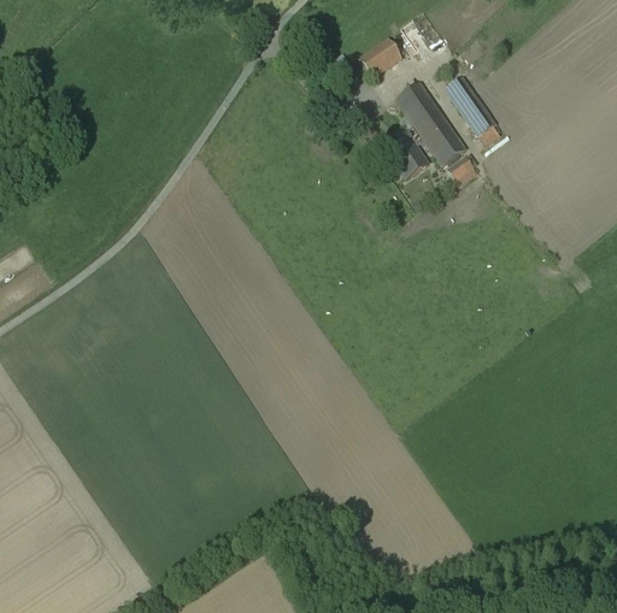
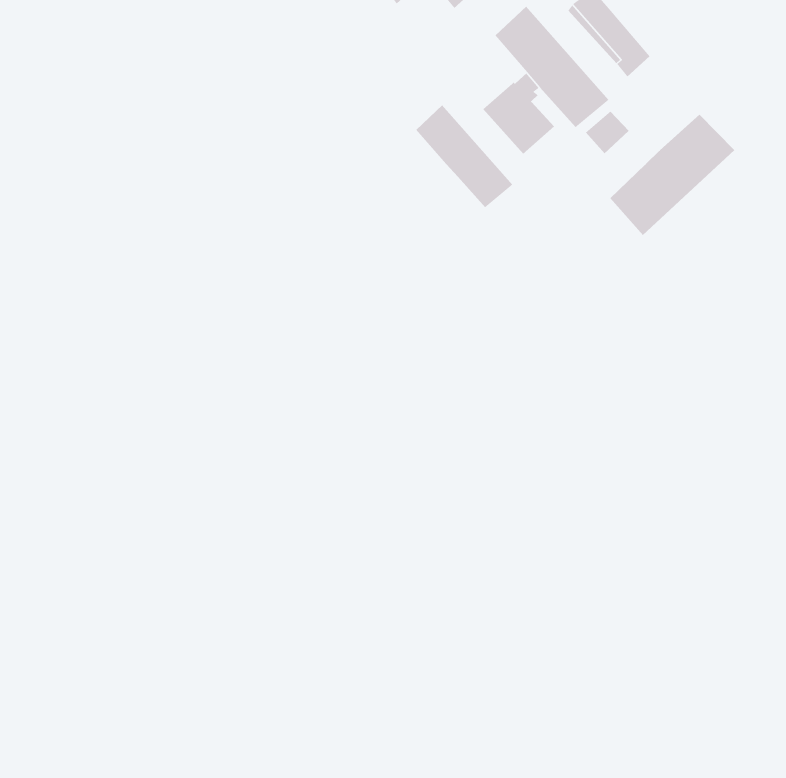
building: none -> [416,105,513,208]
building: none -> [609,114,735,236]

